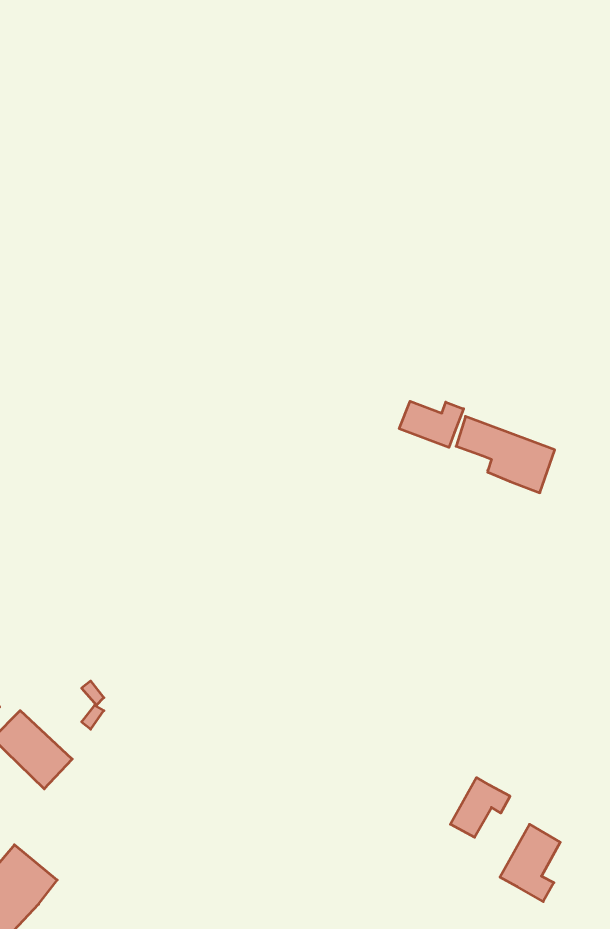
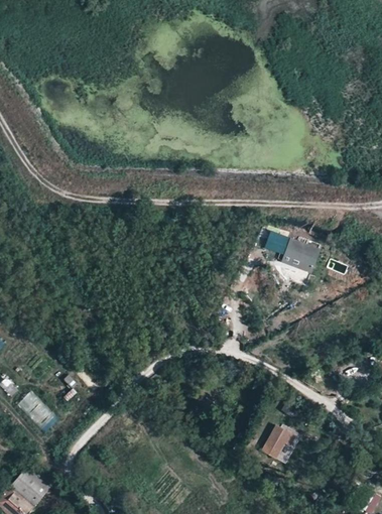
building: [399,401,464,447] -> none
building: [500,824,560,902] -> none

